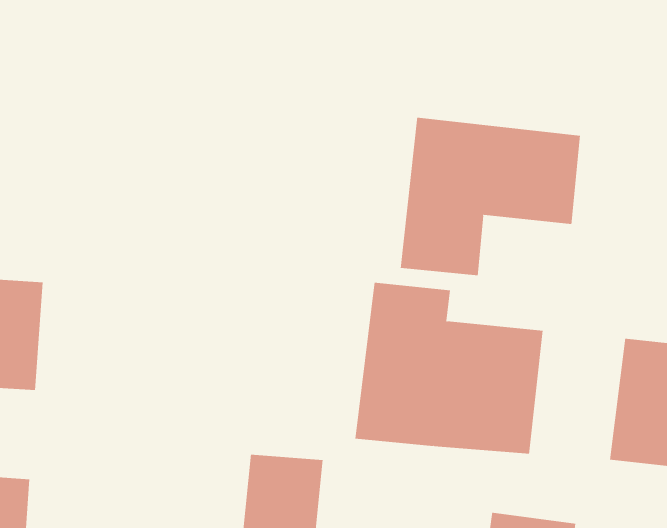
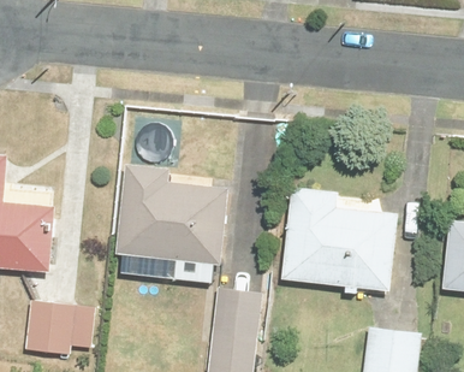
building: [400,117,581,276] -> none
building: none -> [103,172,208,270]

